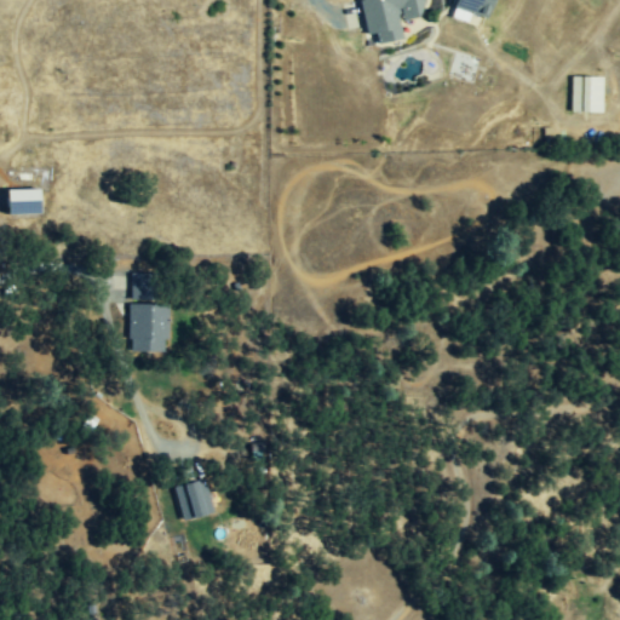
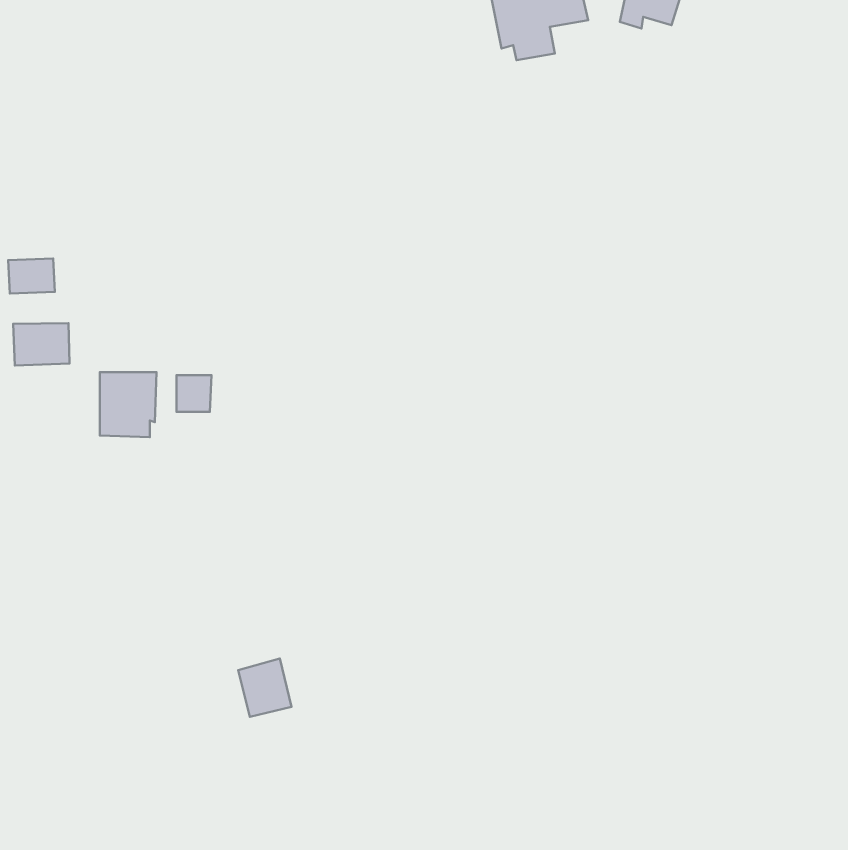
building: [570,75,603,111] -> none
building: none -> [13,323,69,366]
building: [128,304,170,351] -> [100,372,157,437]

